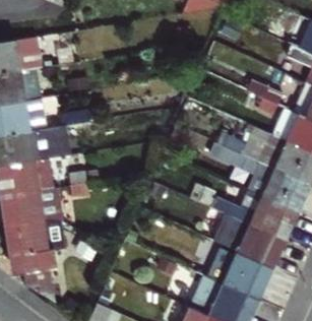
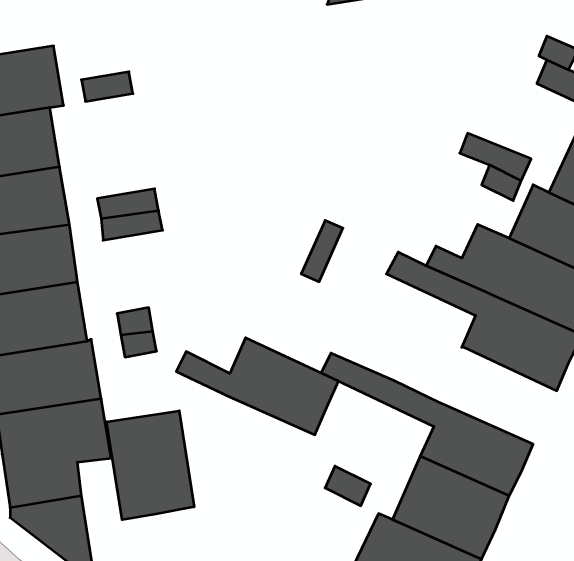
building: [212,190,296,240] -> [176,338,339,435]
building: none -> [107,411,194,520]

